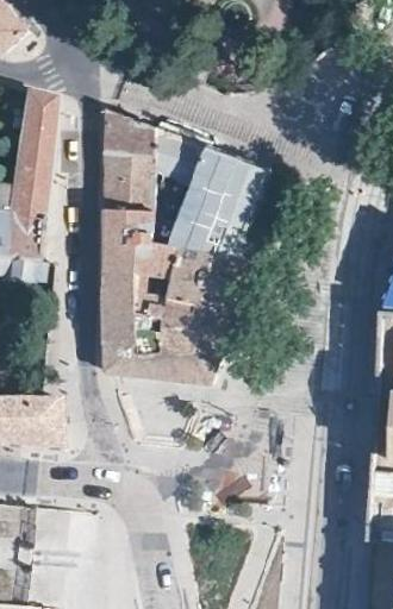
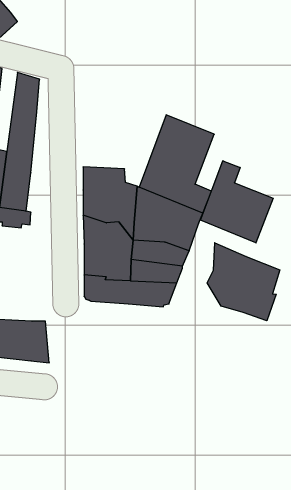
building: [105,108,208,232] -> none
building: none -> [201,161,273,243]
building: none -> [207,243,280,321]

